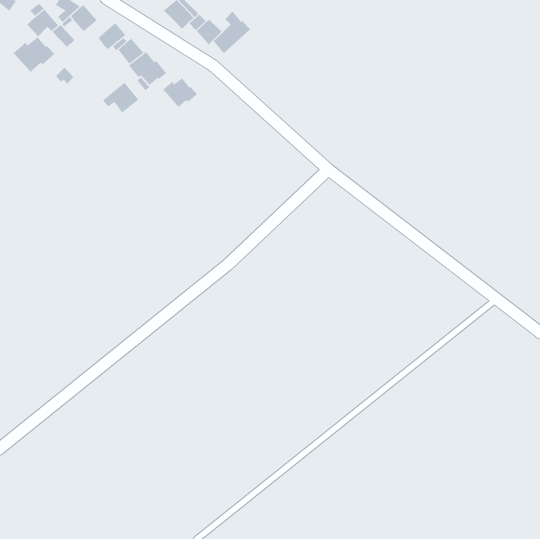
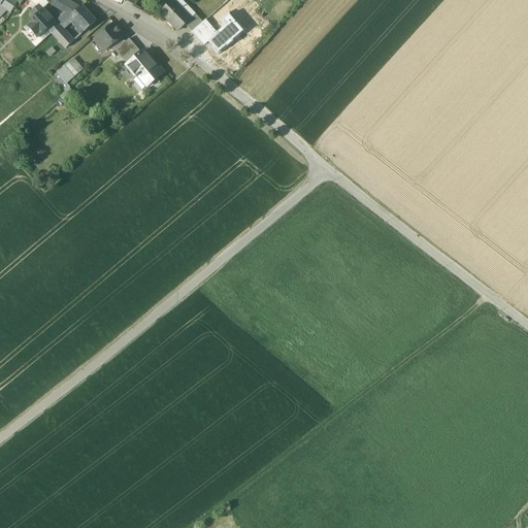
building: [13,36,55,73] -> none
building: [163,77,198,108] -> none
building: [102,82,139,114] -> none

